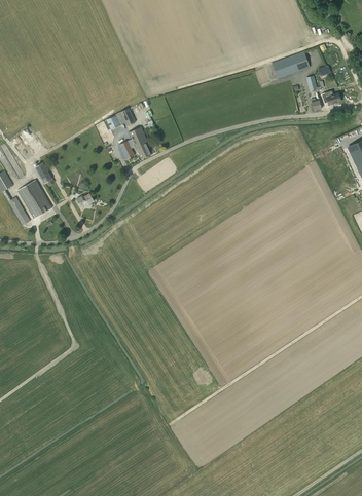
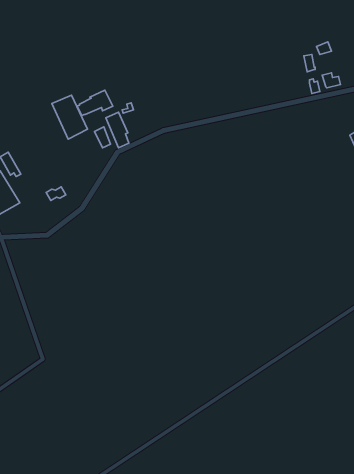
building: [272,50,310,78] -> none
building: none -> [52,95,88,139]

